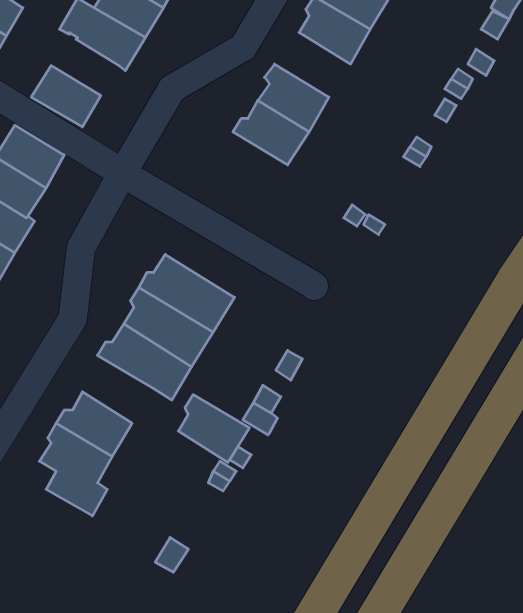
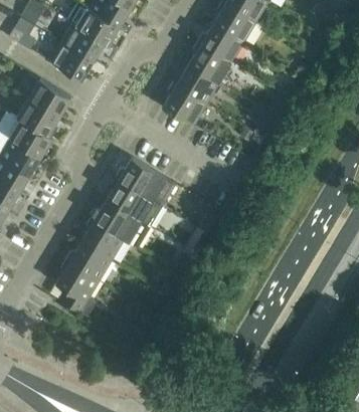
building: none -> [62,24,104,62]
building: none -> [198,24,244,63]
building: none -> [163,84,206,127]
building: [178,395,249,462] -> [81,220,125,261]

